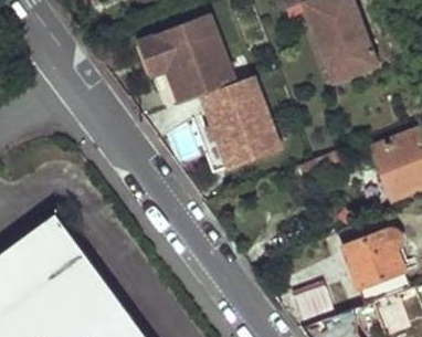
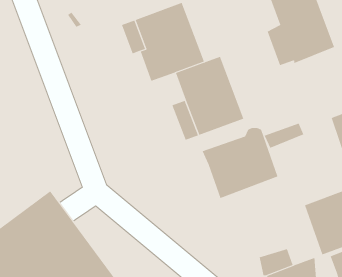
building: none -> [202,127,278,199]

